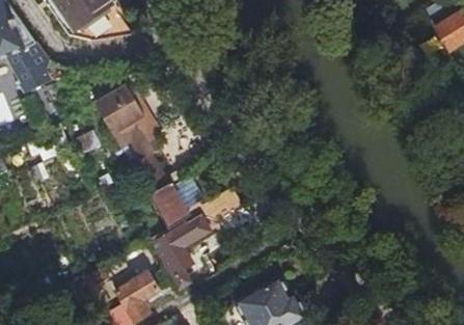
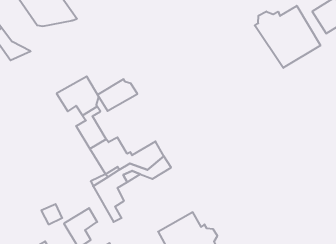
building: none -> [255,6,320,68]
building: [93,85,144,126] -> [98,79,137,111]

